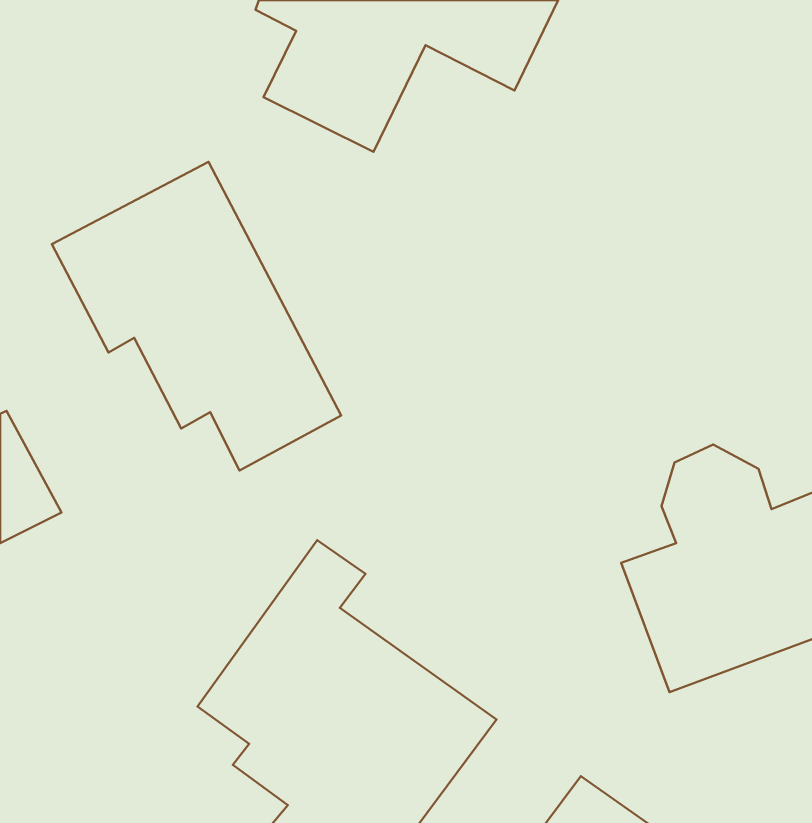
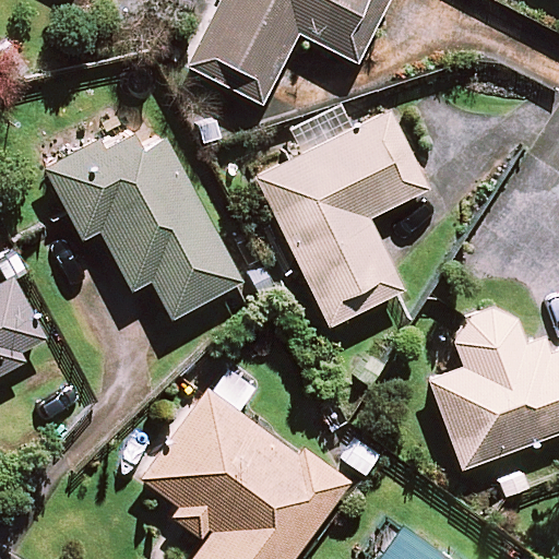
building: none -> [259,110,429,326]

